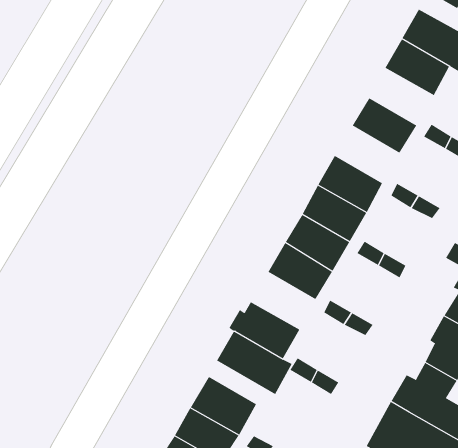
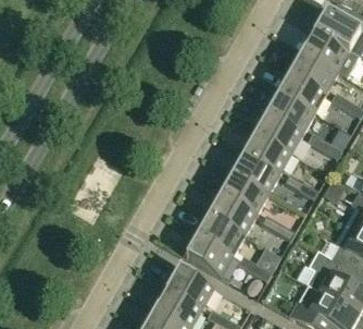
building: none -> [292,51,338,92]
building: none -> [268,92,314,132]
building: none -> [210,194,255,234]

